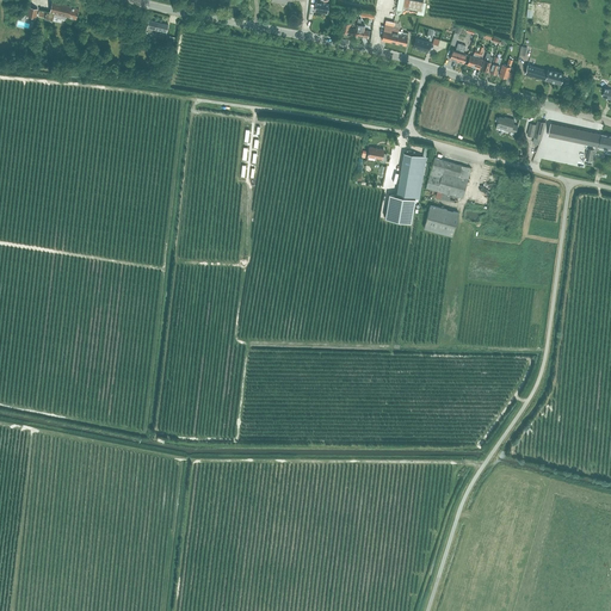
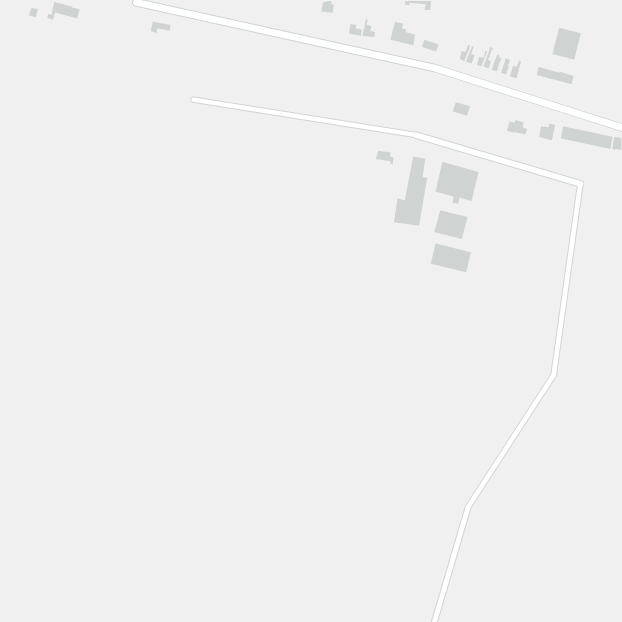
building: none -> [551,27,582,61]
building: none -> [430,243,472,273]

